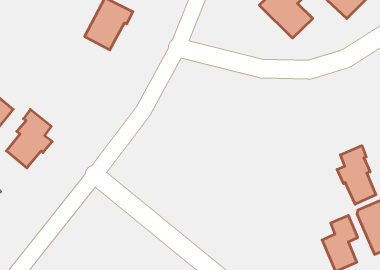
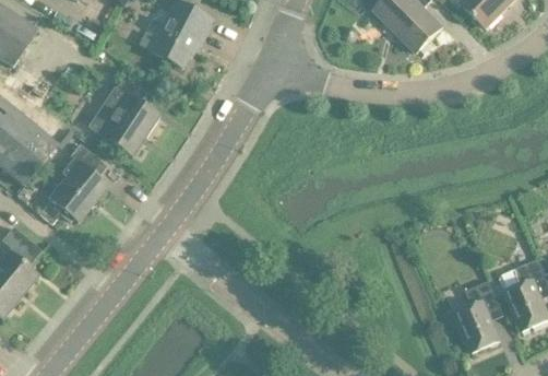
building: none -> [97,75,158,155]
building: [337,146,376,204] -> none

